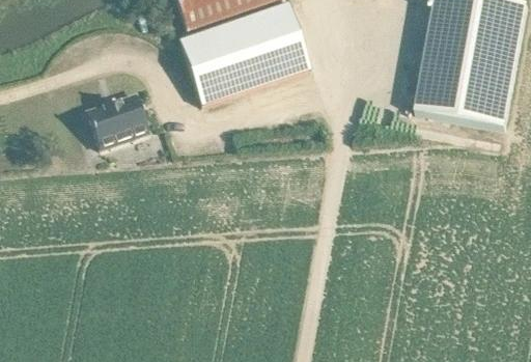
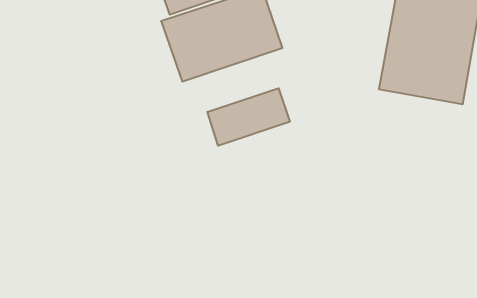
building: [86,94,148,147] -> none
building: none -> [207,88,290,146]

